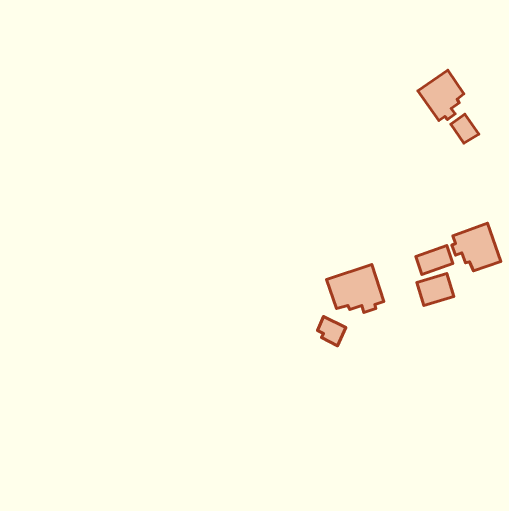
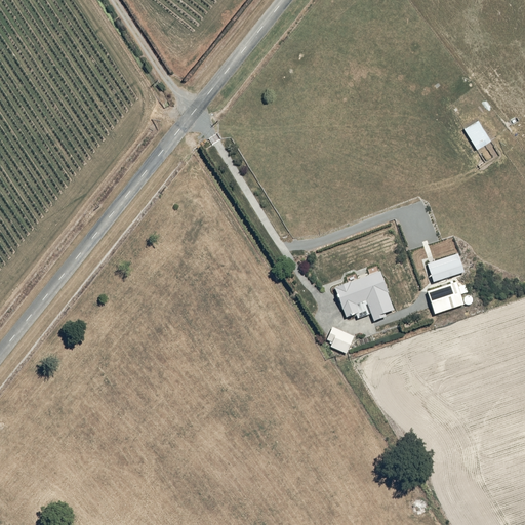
building: [418,70,464,121] -> none
building: [452,223,501,271] -> none

